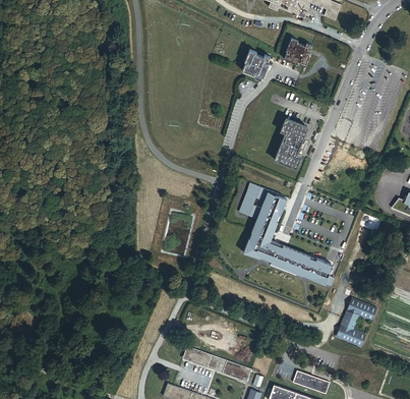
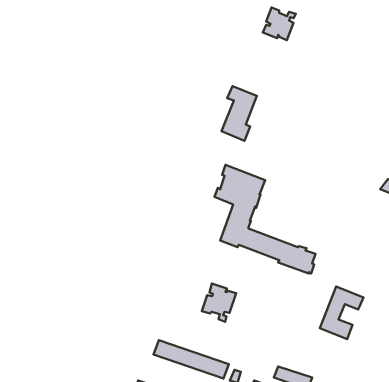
building: [240,51,270,80] -> none
building: [275,119,307,170] -> [222,86,257,141]
building: none -> [202,284,236,322]

